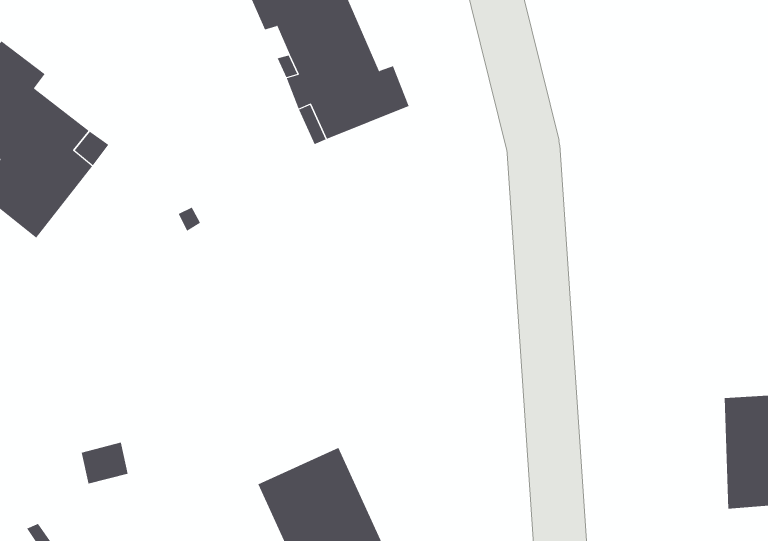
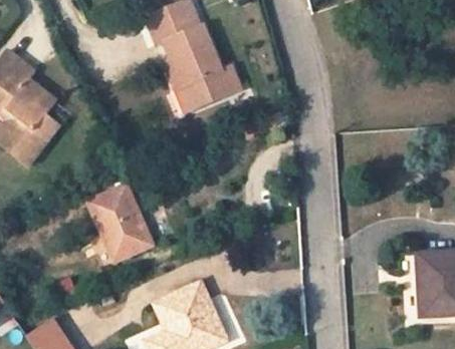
building: none -> [87,185,153,260]

